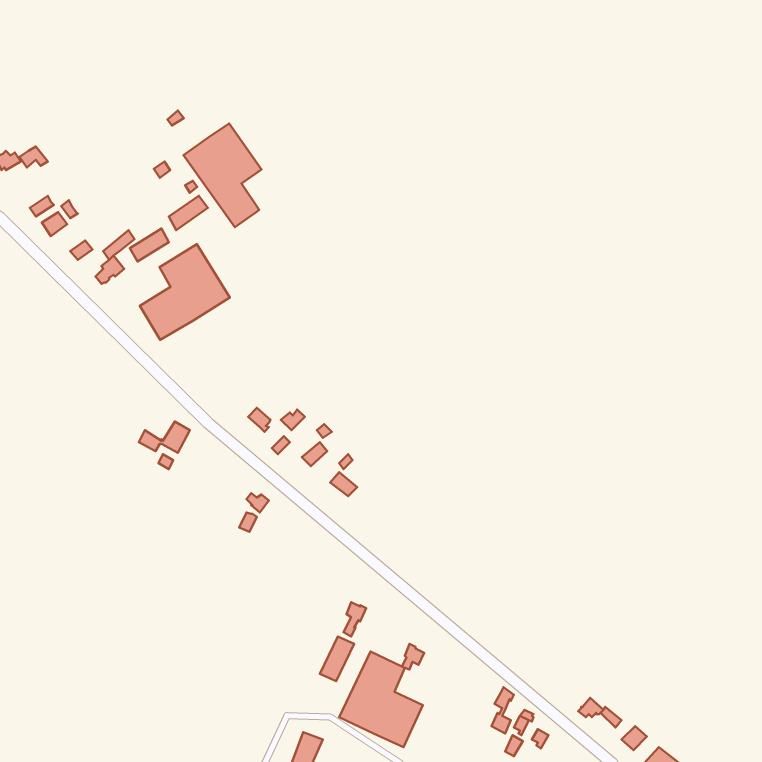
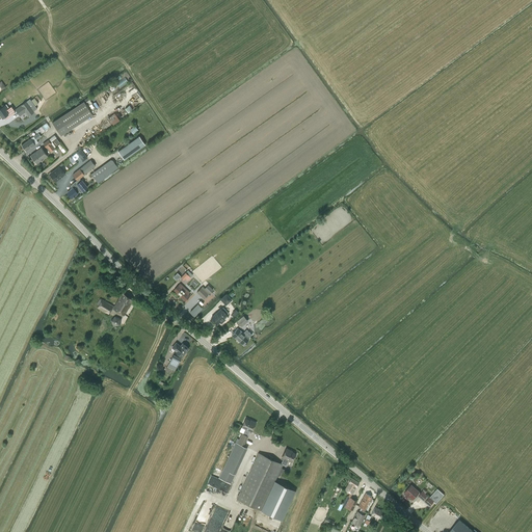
building: [183,123,261,227] -> none
building: none -> [51,103,91,136]
building: [140,244,230,340] -> none

